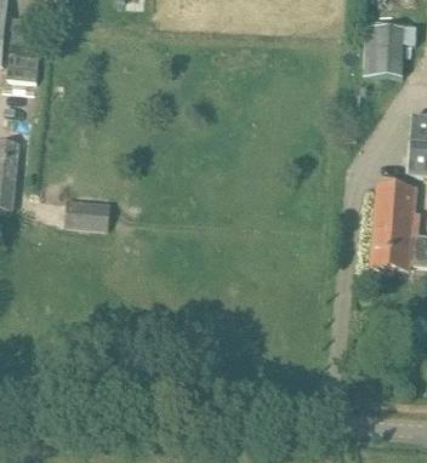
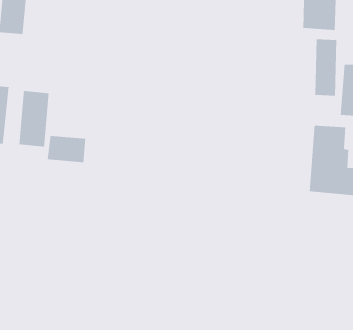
building: none -> [314,39,337,97]
building: none -> [19,90,50,148]

